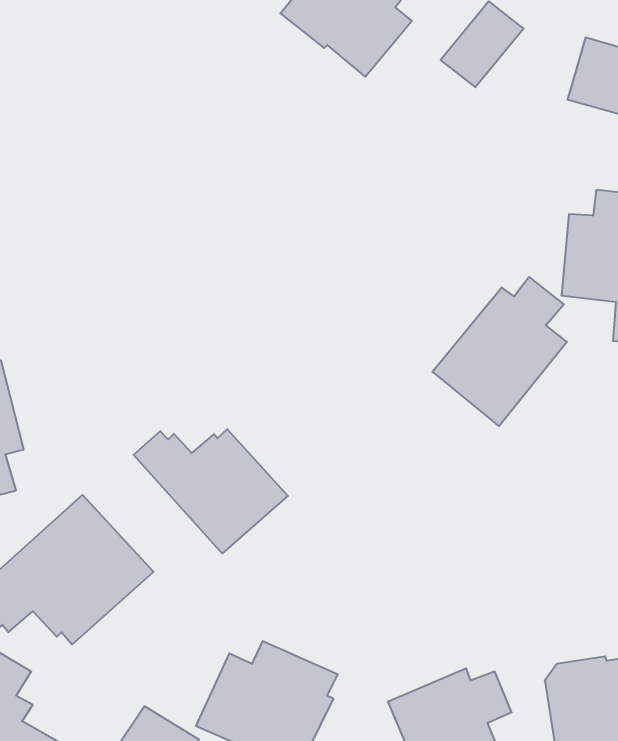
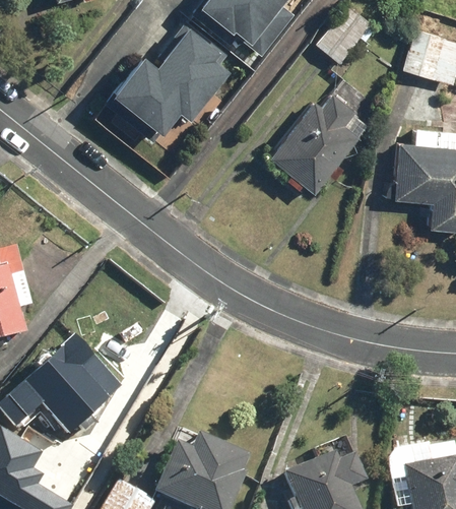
building: none -> [121,30,234,135]
building: [432,277,567,426] -> [273,92,364,193]
building: [134,429,288,553] -> none

